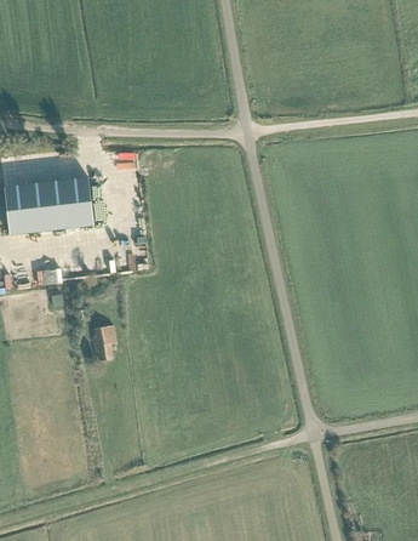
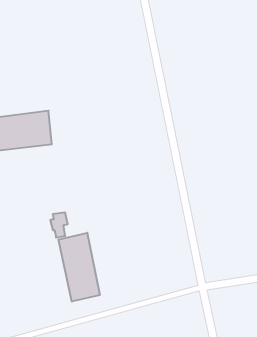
building: none -> [59,233,100,302]

